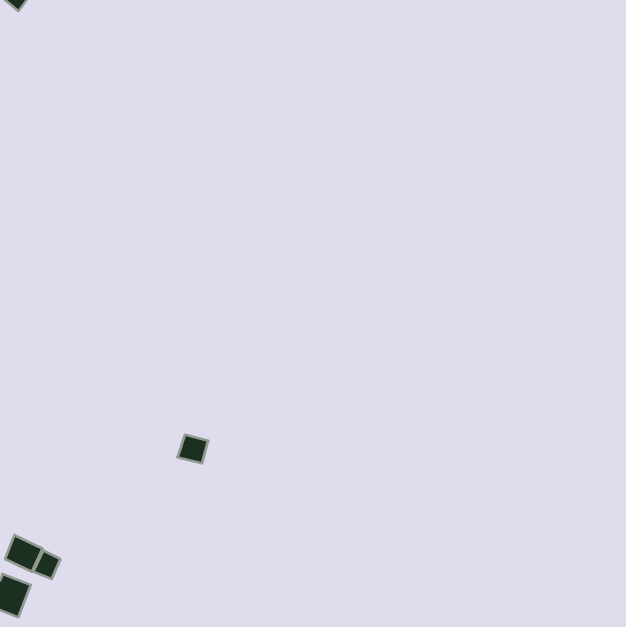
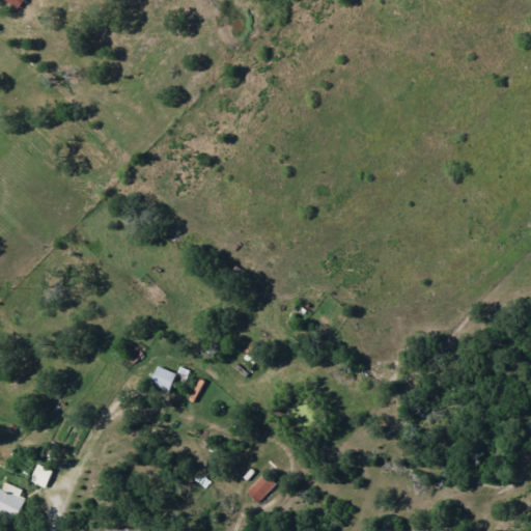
building: [5,535,42,572] -> none
building: none -> [245,472,275,502]

